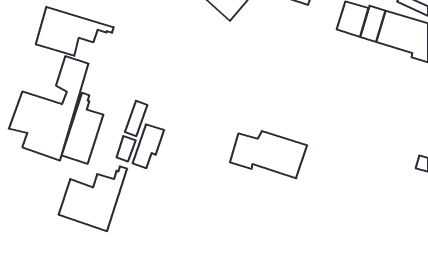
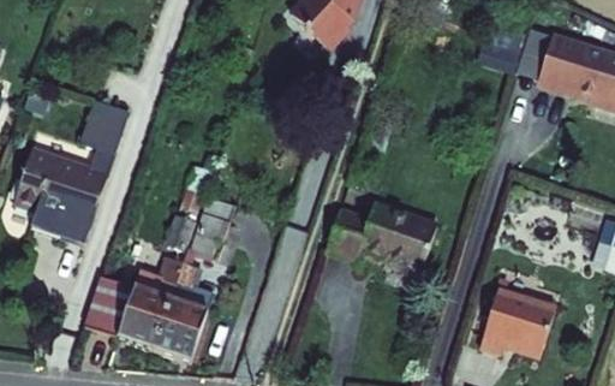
building: [36,7,114,56] -> none
building: [62,93,104,164] -> [154,259,214,360]
building: none -> [480,286,555,354]

